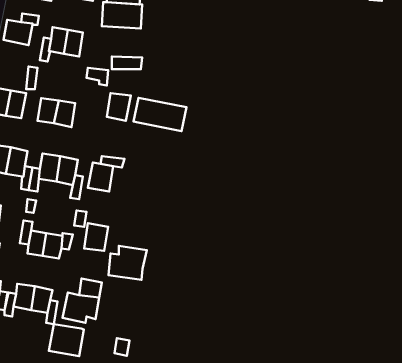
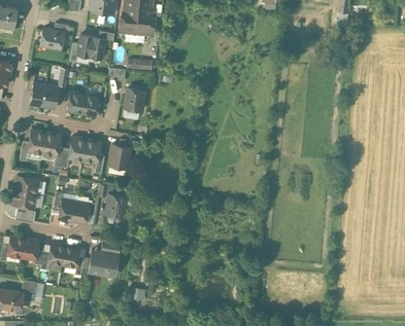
building: [134,98,187,131] -> none
building: [109,246,147,280] -> none
building: [49,324,84,356] -> none

